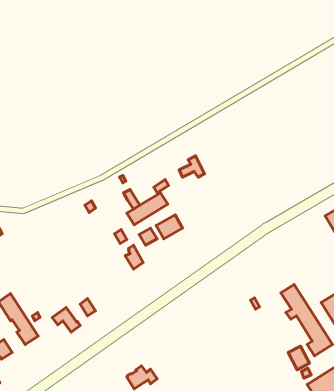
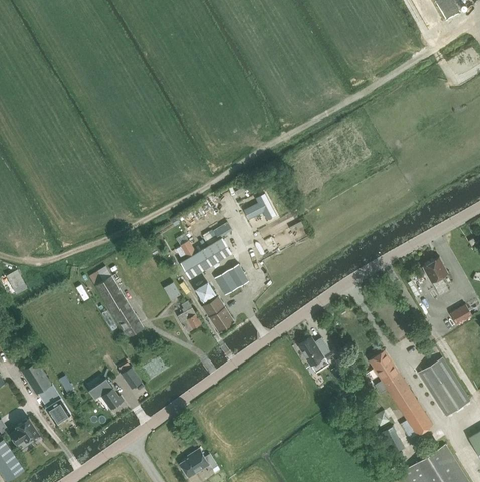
building: none -> [90,266,144,337]
building: none -> [203,297,233,331]
building: none -> [298,337,329,374]

